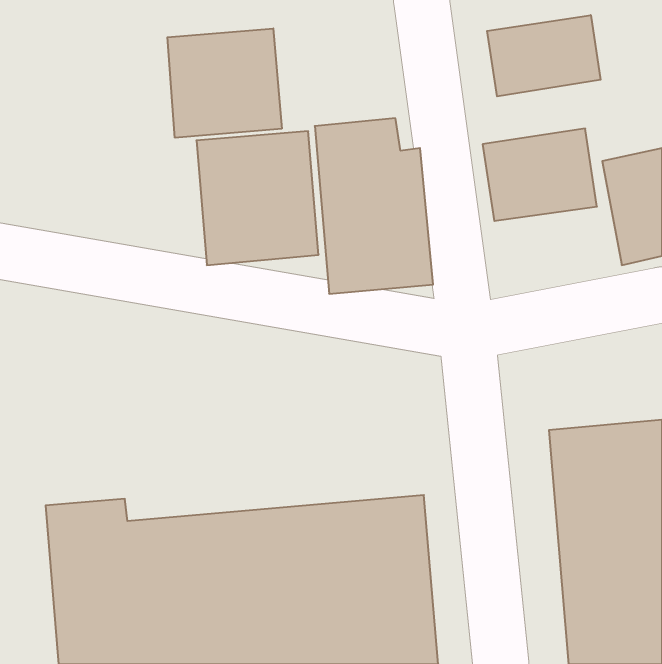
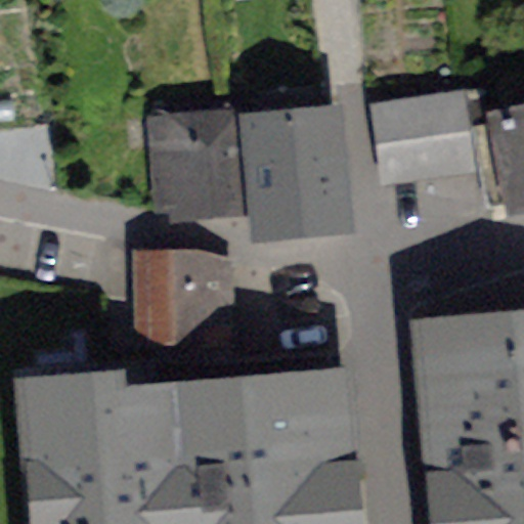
building: [487,15,601,96] -> none
building: [167,28,282,138] -> none
building: none -> [135,262,230,334]

